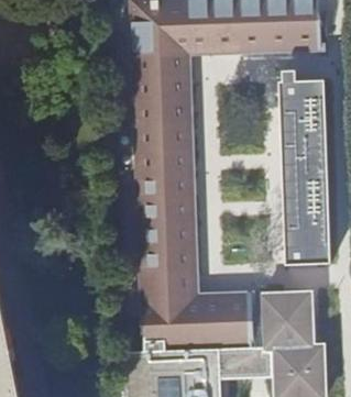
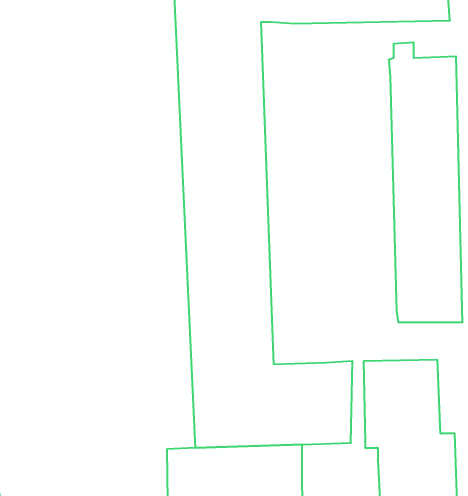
building: [221,345,275,376] -> none

